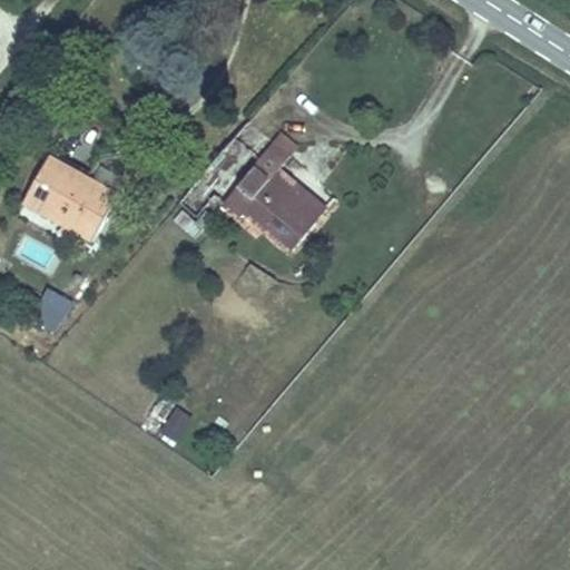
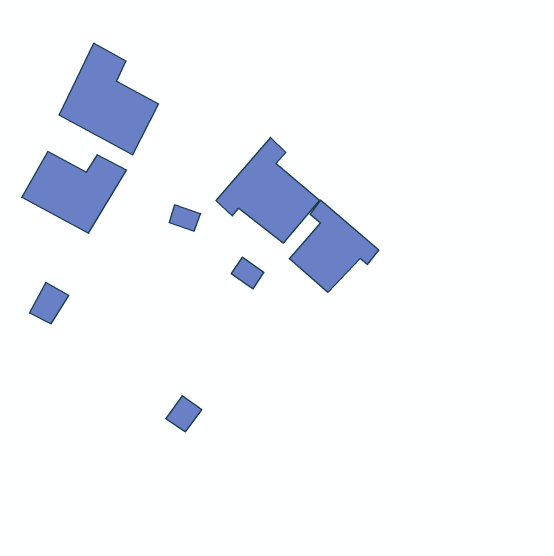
building: none -> [59,43,159,155]
building: none -> [289,200,379,292]

